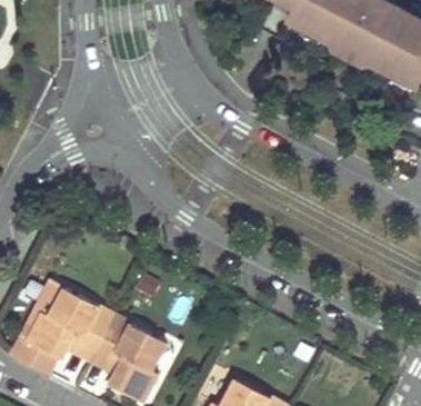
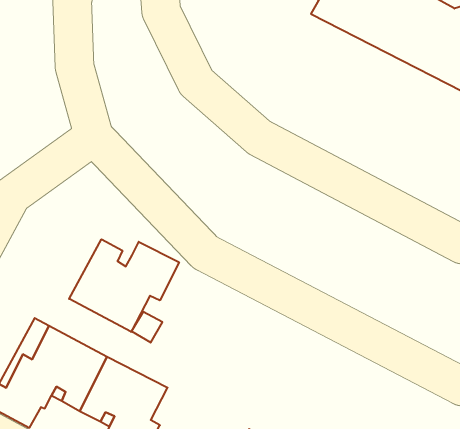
building: none -> [69,239,179,332]

